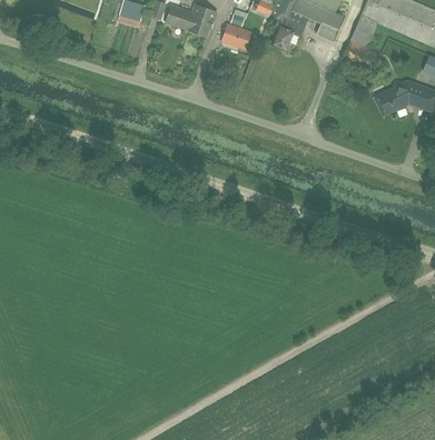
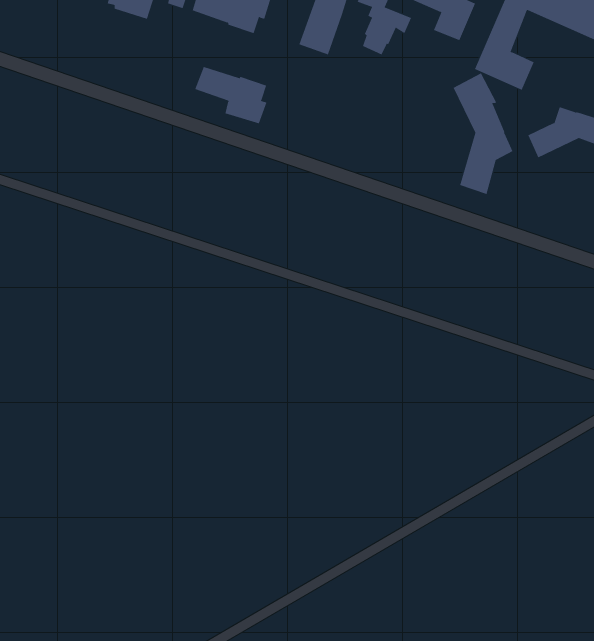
building: none -> [195,66,267,124]
building: none -> [453,72,513,195]

